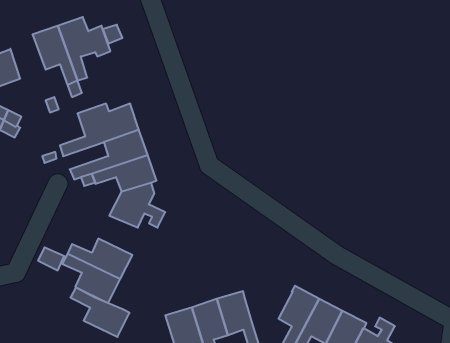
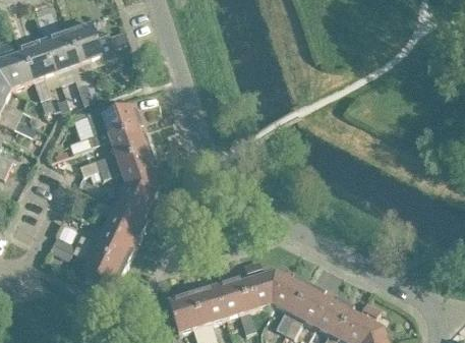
building: none -> [20,40,56,100]
building: none -> [240,261,285,310]
building: [70,288,130,337] -> [93,198,148,244]

